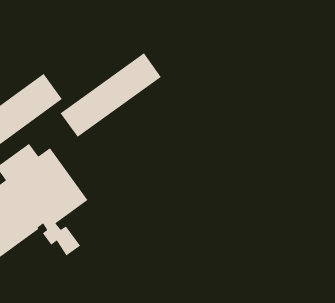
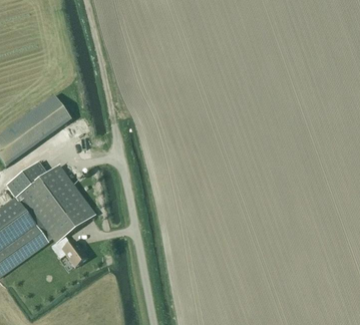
building: [60,52,162,138] -> none

